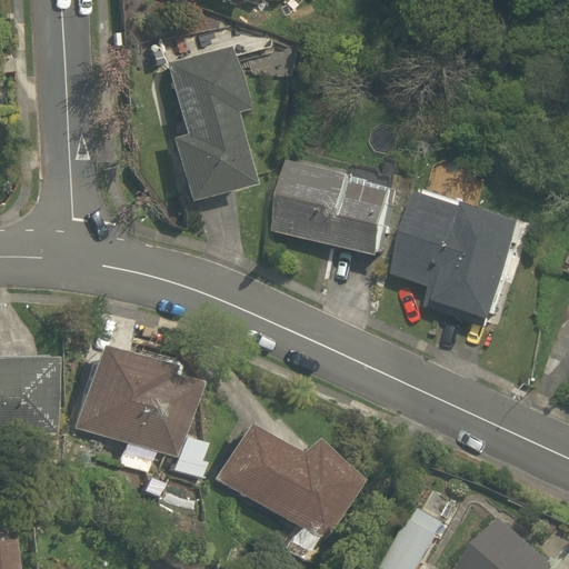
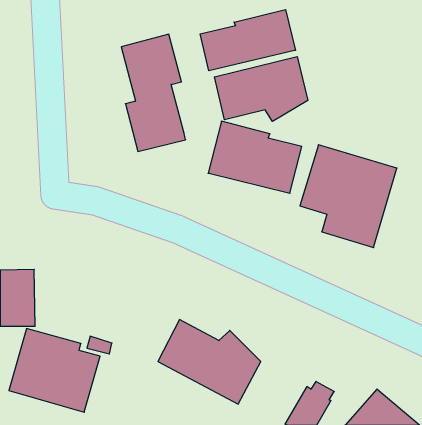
building: none -> [200,10,295,71]
building: none -> [214,57,308,121]
building: [76,346,197,457] -> [9,329,100,412]

